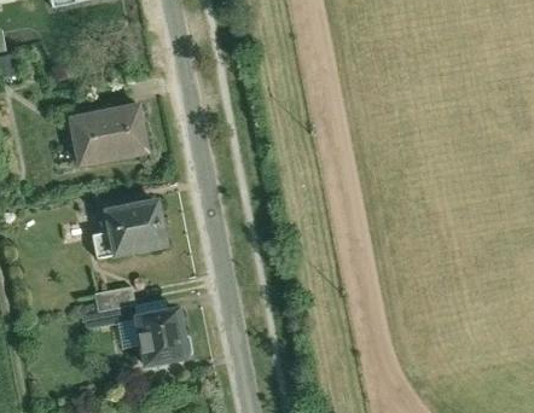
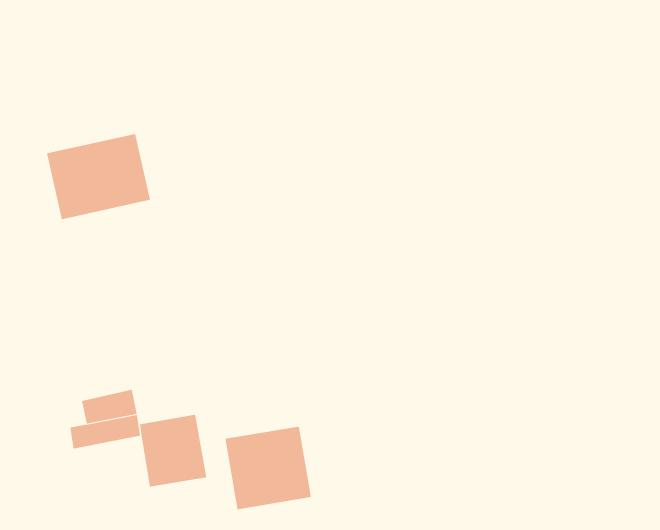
building: [92,202,164,260] -> none
building: none -> [225,426,311,510]

